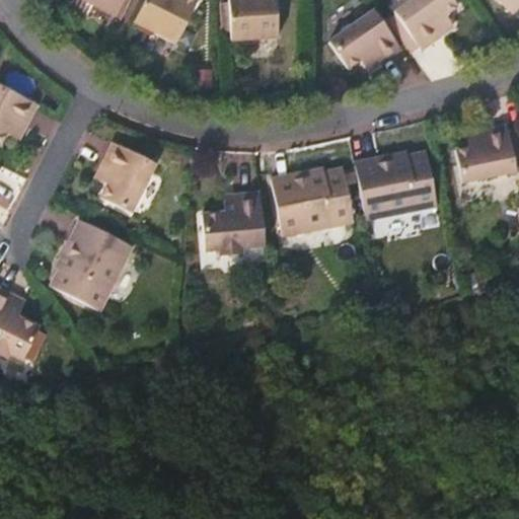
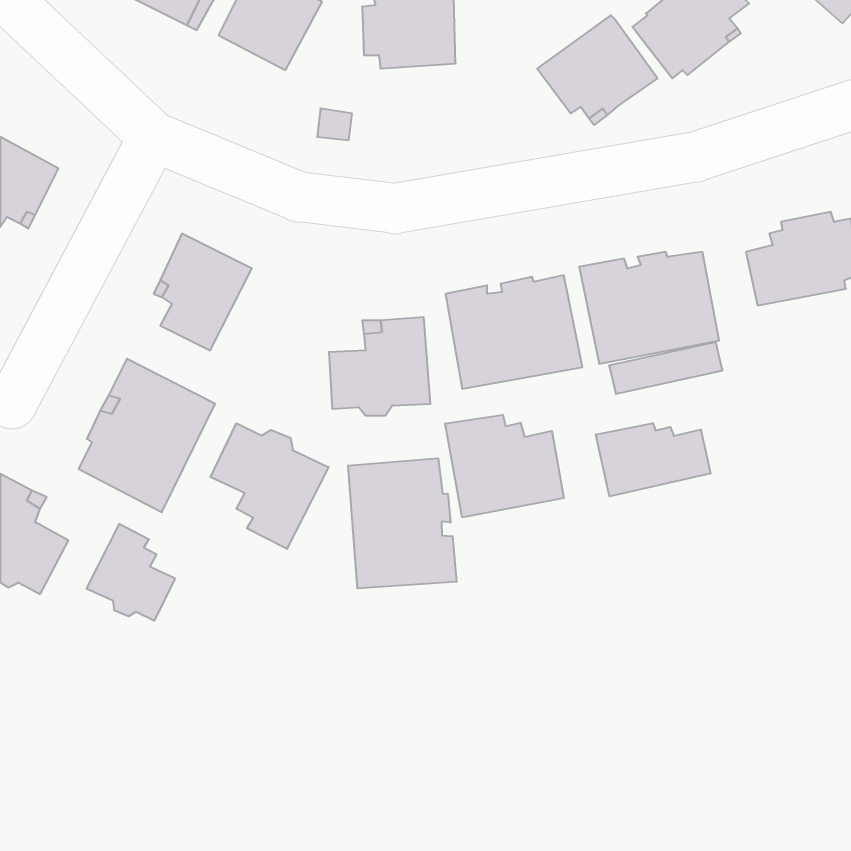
building: none -> [445,415,564,517]
building: none -> [596,423,711,496]
building: none -> [210,423,329,549]
building: none -> [348,458,456,588]
building: none -> [87,524,175,621]

